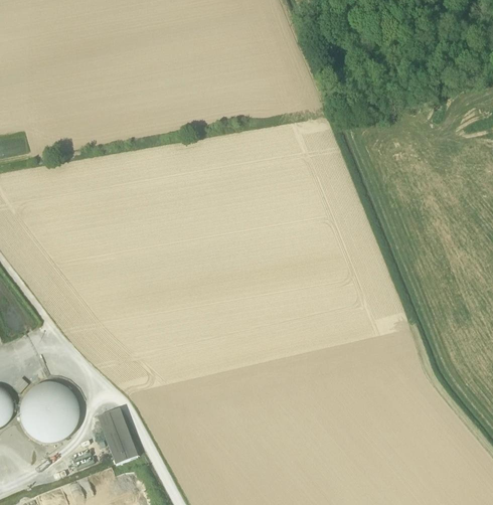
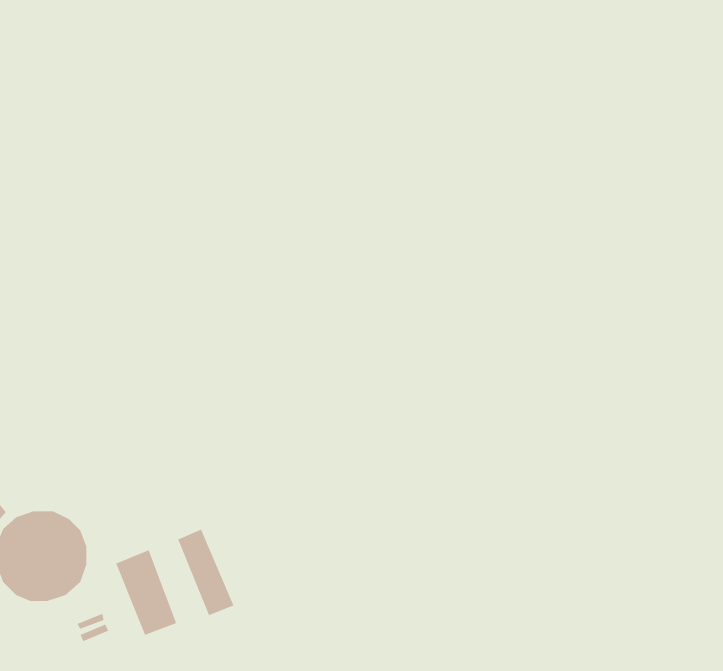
building: none -> [177,528,234,616]

